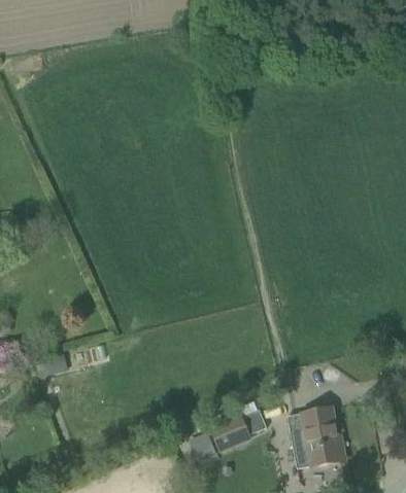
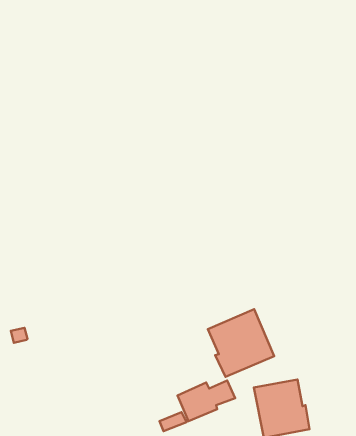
building: none -> [208,309,274,377]

